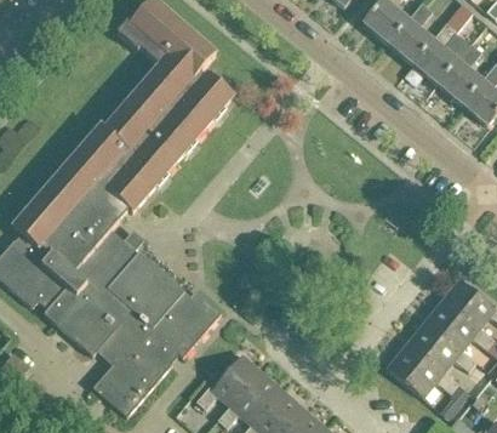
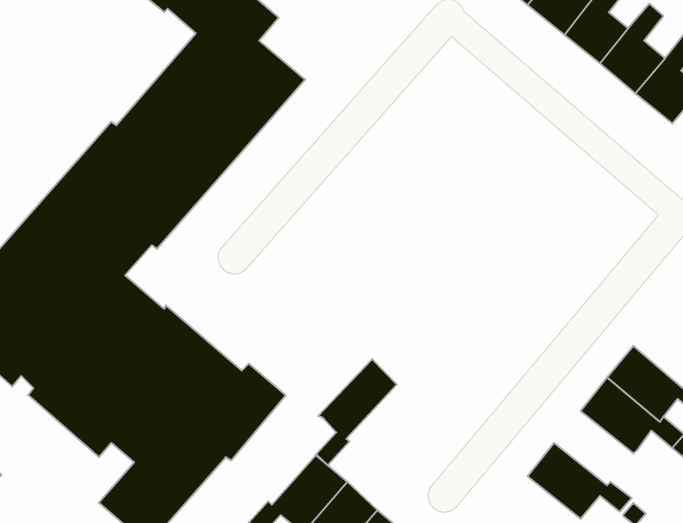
building: none -> [316,359,397,465]
building: [405,323,476,374] -> none

